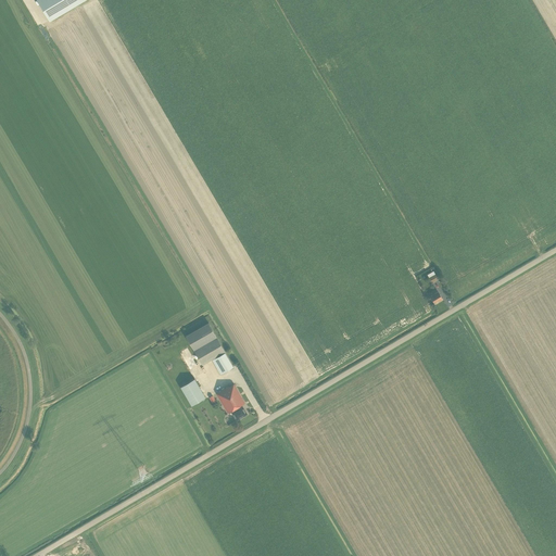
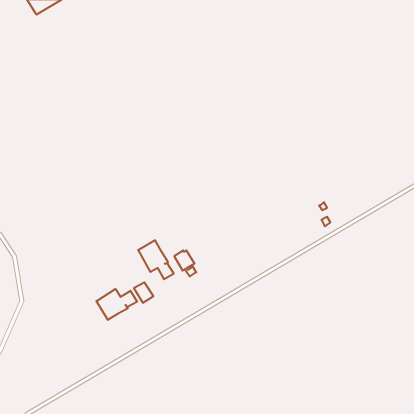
building: [216,384,245,419] -> [174,250,196,276]
building: none -> [96,289,137,320]

